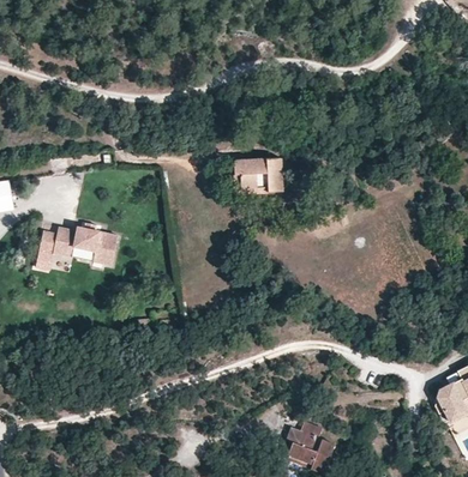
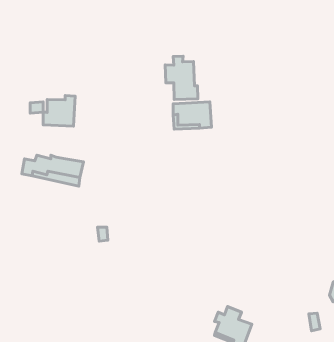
building: none -> [165,56,198,99]
building: none -> [43,95,75,126]

